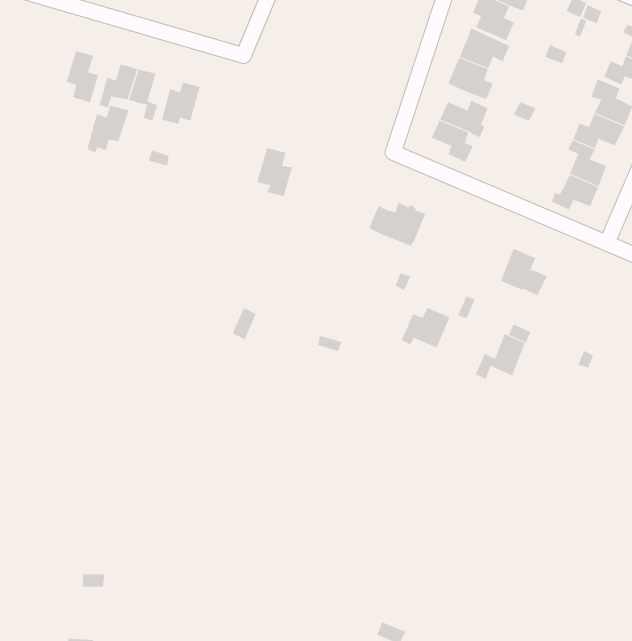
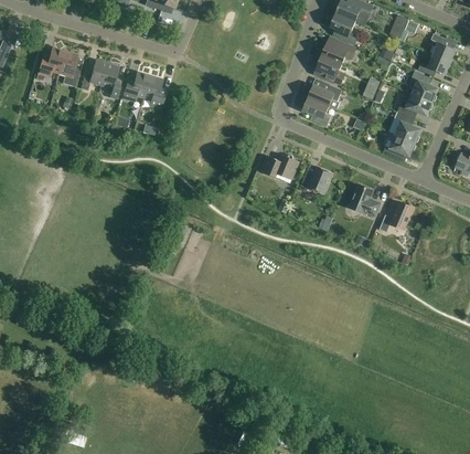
building: [86,105,129,153] -> [35,47,64,80]
building: [257,148,293,197] -> [141,75,165,108]
building: [401,307,450,348] -> [299,166,332,193]
building: [475,333,526,380] -> [378,201,413,232]

